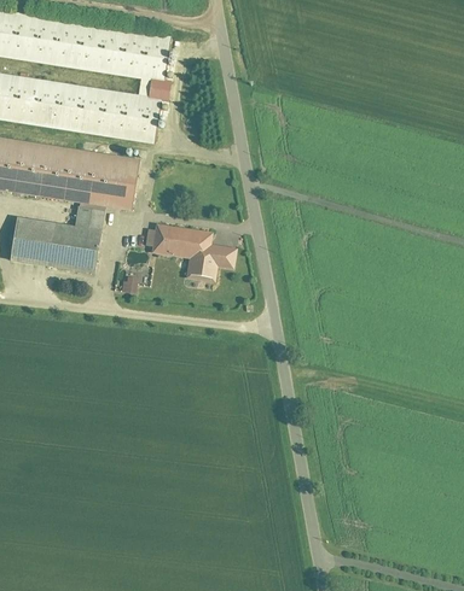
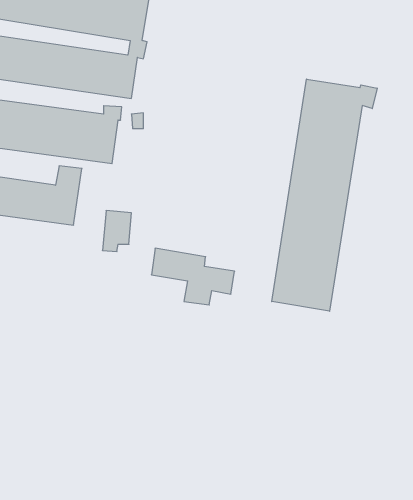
building: none -> [272,79,377,311]
building: [152,224,236,281] -> [151,248,235,305]

